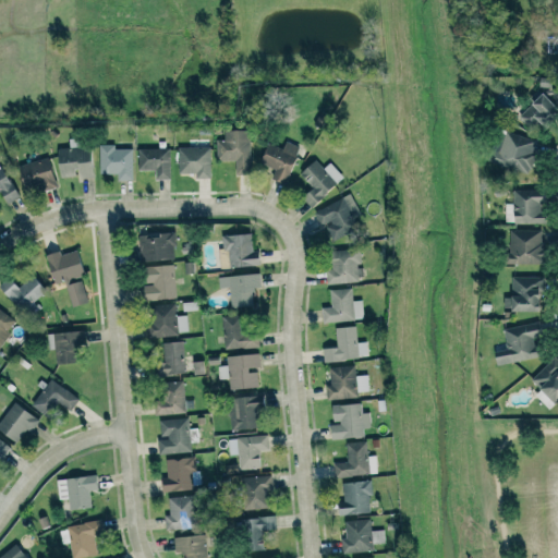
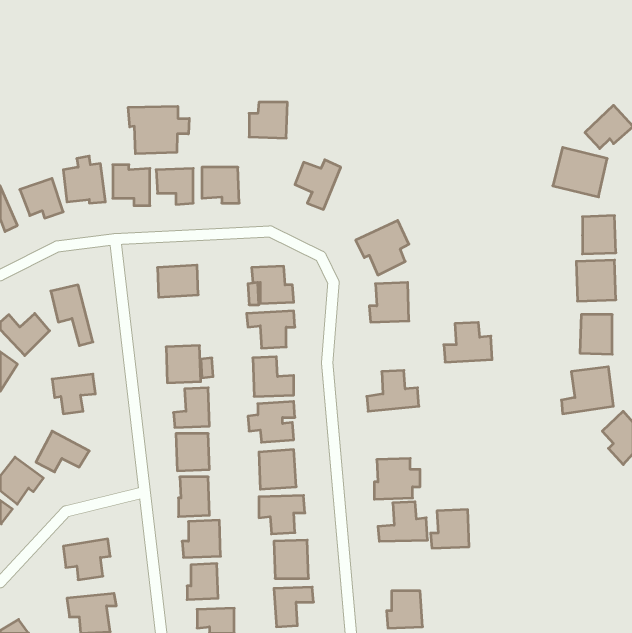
building: none -> [128,106,189,154]
building: [217,130,251,161] -> [249,102,287,138]
building: [300,159,344,207] -> none
building: [144,265,177,300] -> none
building: [322,288,364,323] -> [444,322,492,362]
building: [326,366,369,400] -> none
building: [338,481,372,514] -> [431,510,469,548]

